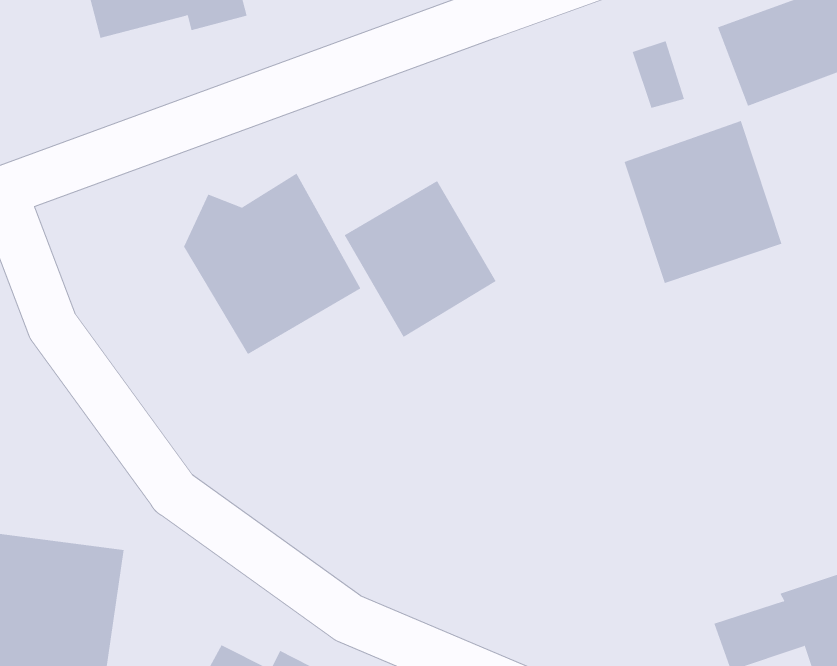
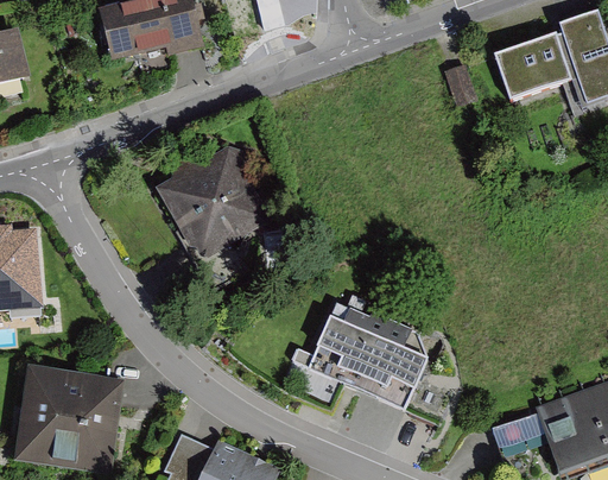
building: [624,120,782,284] -> none
building: [344,180,496,338] -> none
building: none -> [289,302,425,411]

